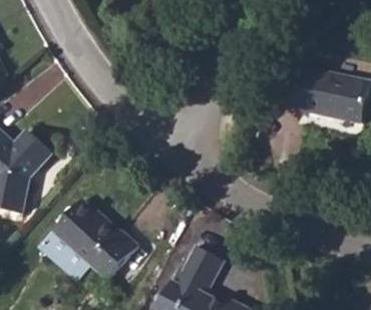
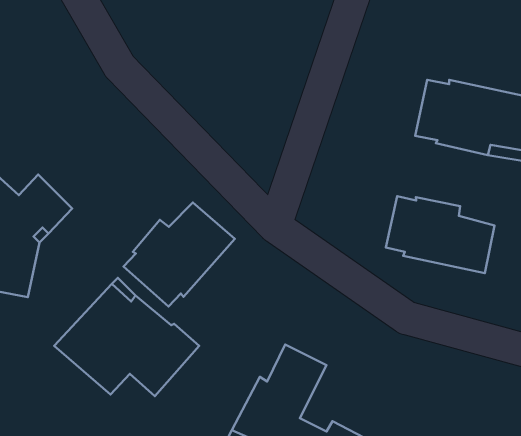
building: none -> [386,196,494,273]
building: none -> [124,202,235,307]

